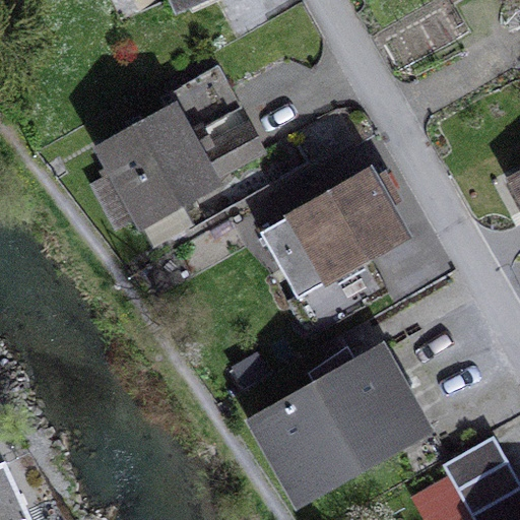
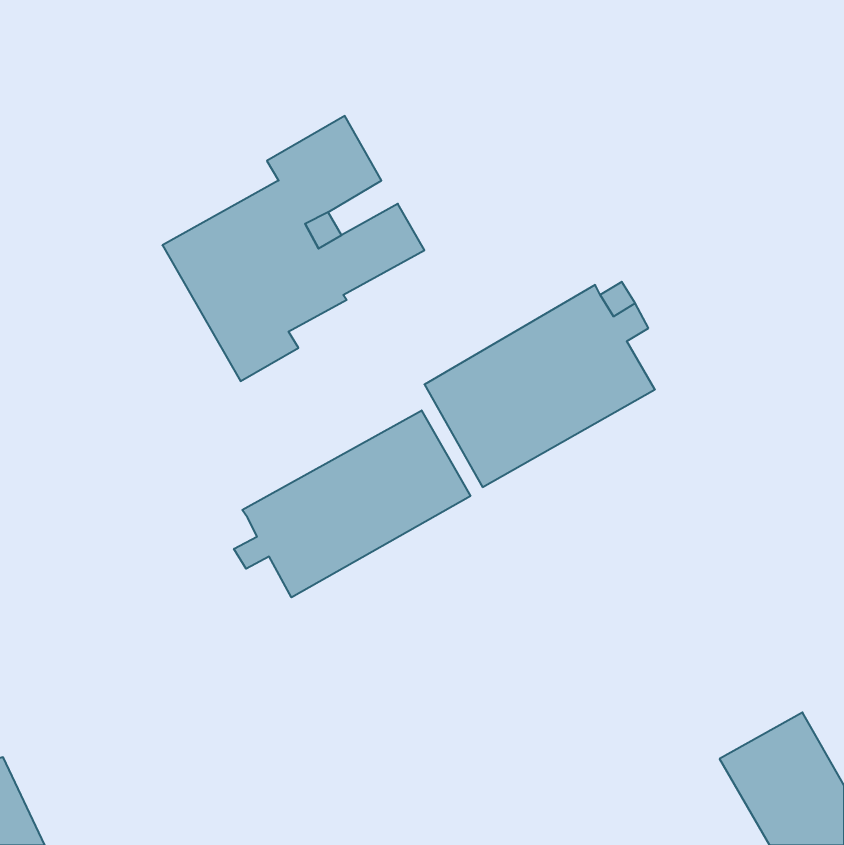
building: none -> [234,410,470,597]
building: [255,352,422,500] -> none

